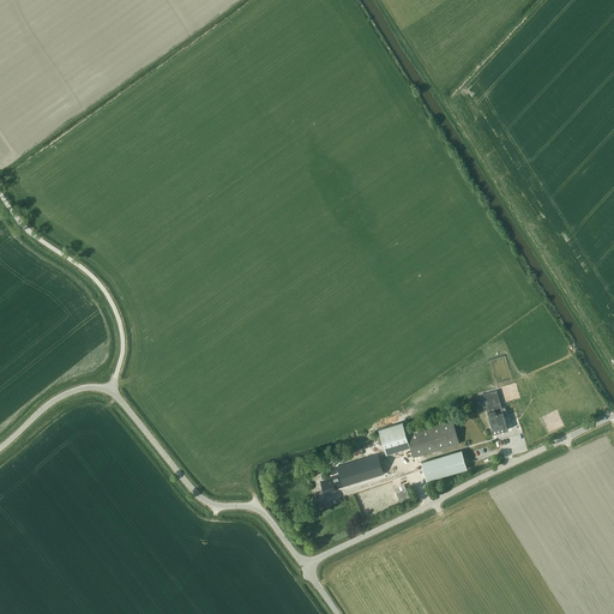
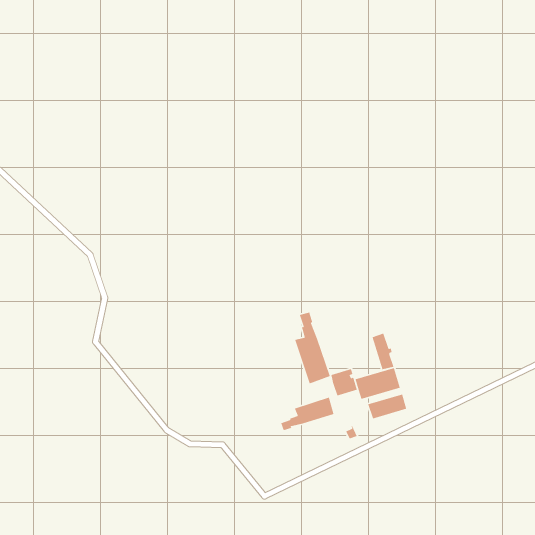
building: none -> [294,312,331,384]
building: [481,391,507,434] -> [371,333,394,370]

